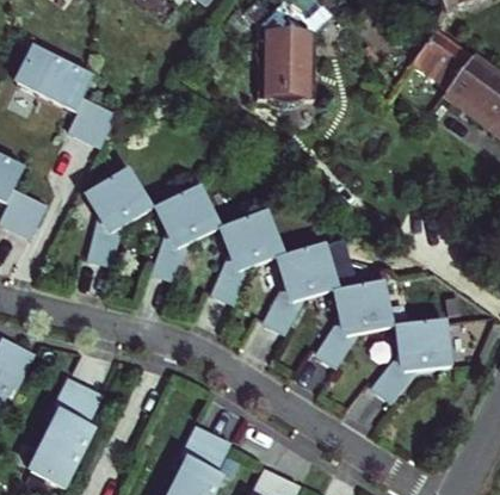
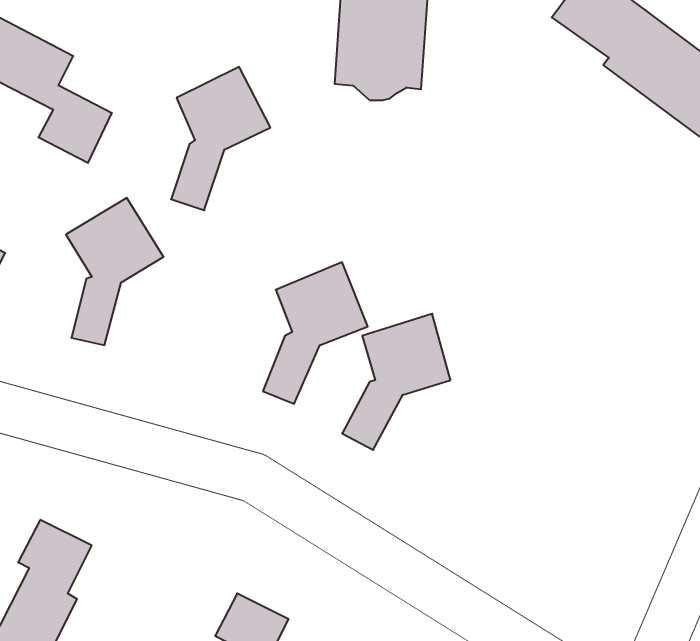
building: [153,186,217,279] -> [171,67,270,210]
building: [315,281,389,366] -> none
building: [371,320,449,401] -> none

